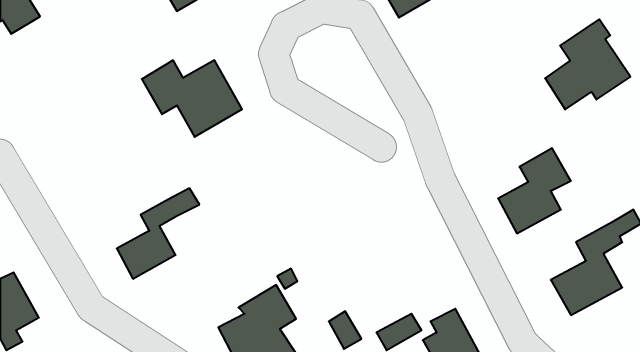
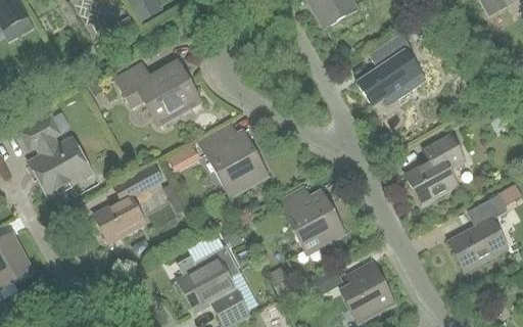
building: [545,19,630,110] -> [356,32,426,105]
building: none -> [22,116,89,192]
building: none -> [198,124,267,193]
building: none -> [279,185,344,251]

